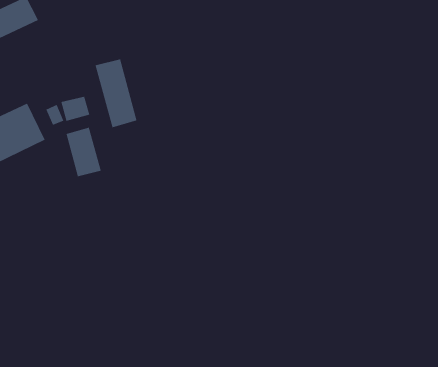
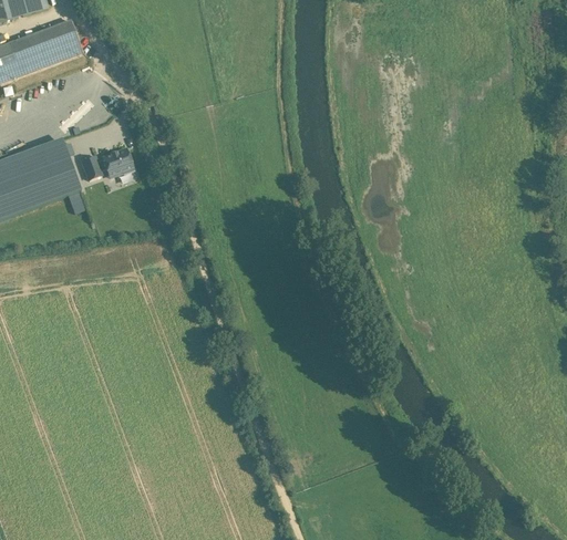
building: [95,59,137,128] -> none
building: [66,127,101,177] -> none

